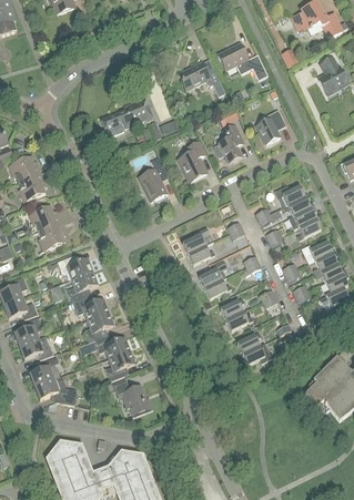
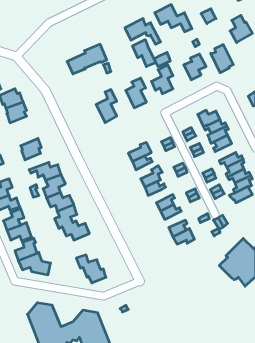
building: none -> [133,40,156,67]
building: none -> [211,45,233,73]
building: [29,205,61,232] -> none
building: [104,349,134,380] -> none

